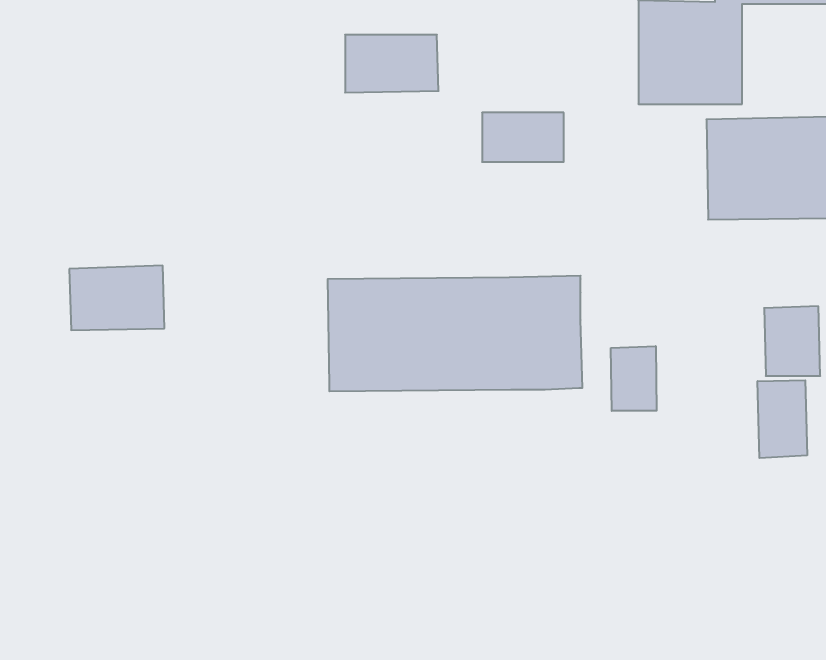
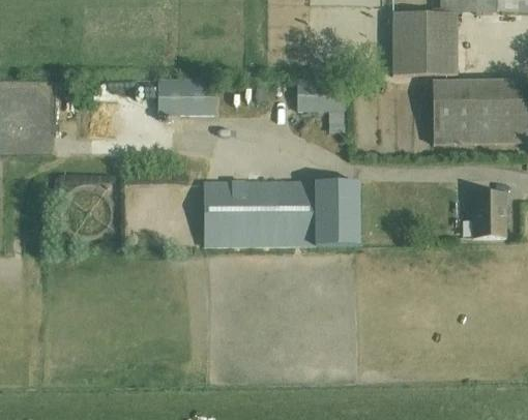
building: [345,35,439,93] -> [159,79,216,114]
building: [611,346,657,411] -> none
building: [758,380,807,458] -> none

